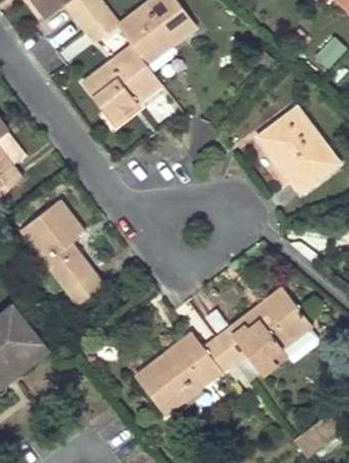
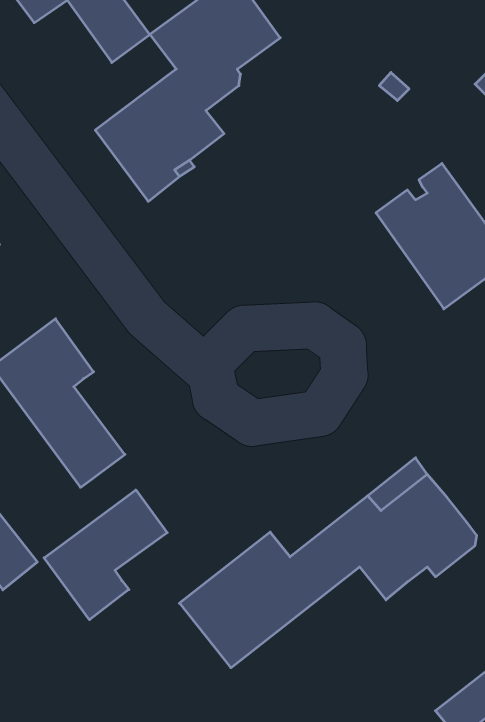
building: none -> [44,490,167,620]

